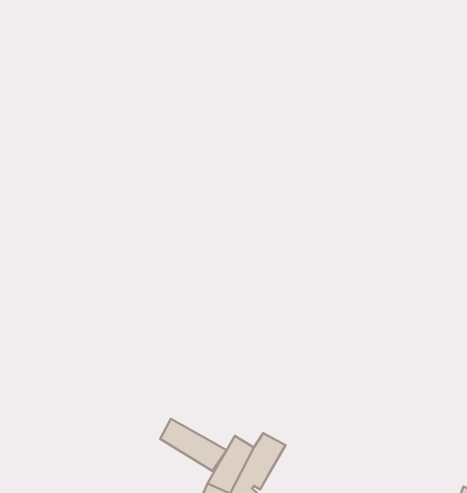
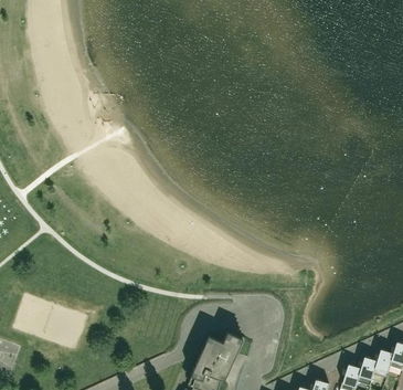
building: [160,419,227,471] -> none

